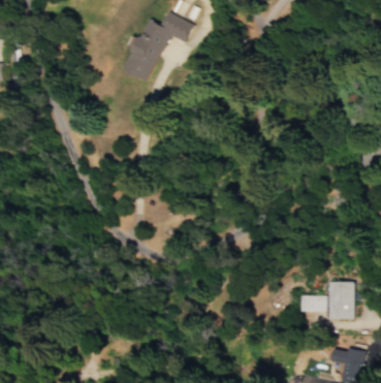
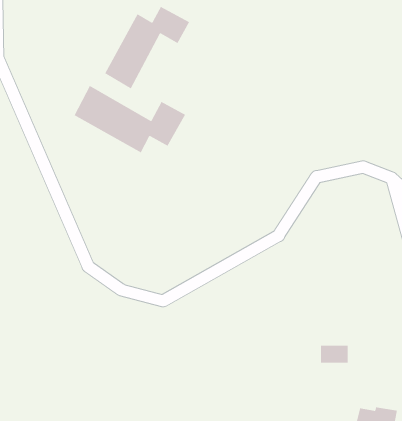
building: none -> [73,85,186,154]
building: [329,283,355,320] -> none

